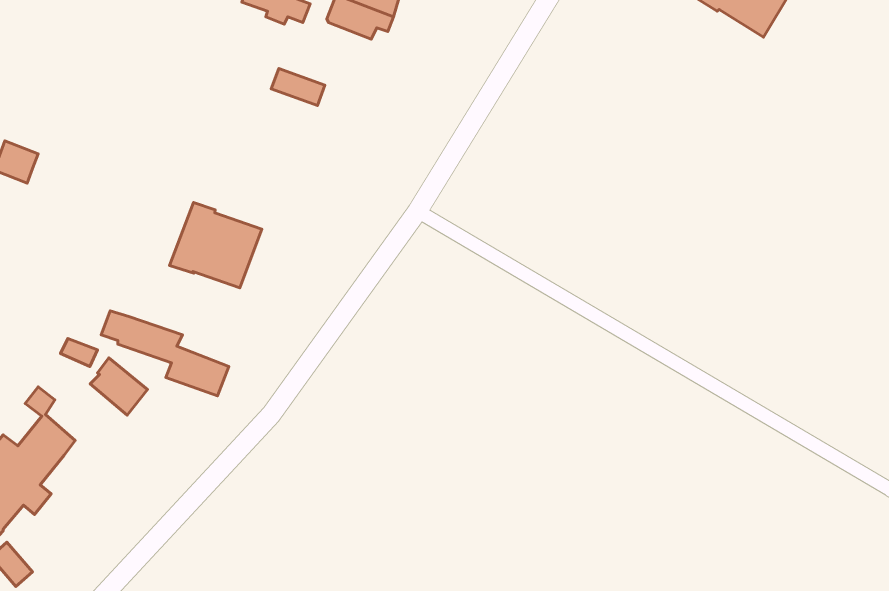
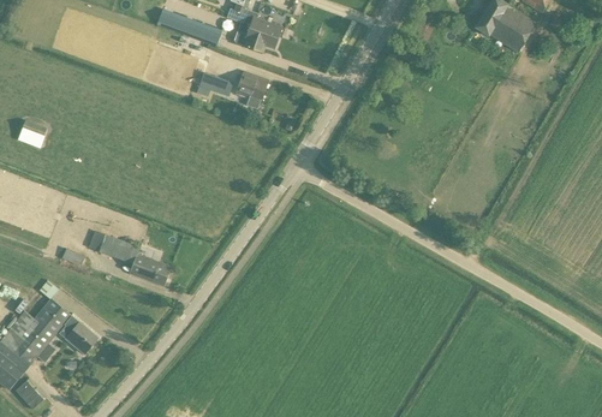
building: none -> [234,70,268,108]
building: [170,203,262,288] -> none
building: [90,358,148,415] -> [59,316,96,353]

